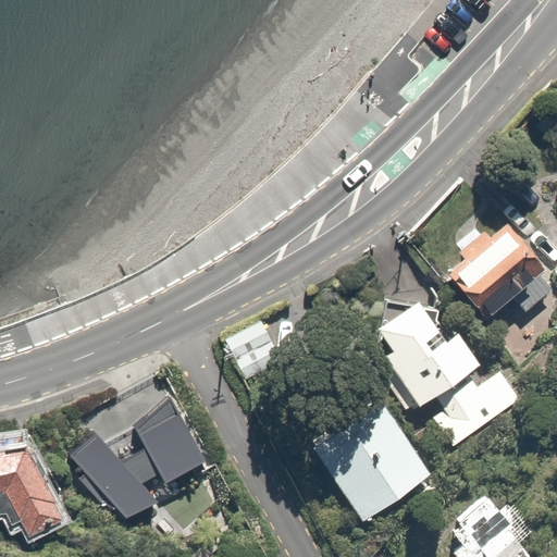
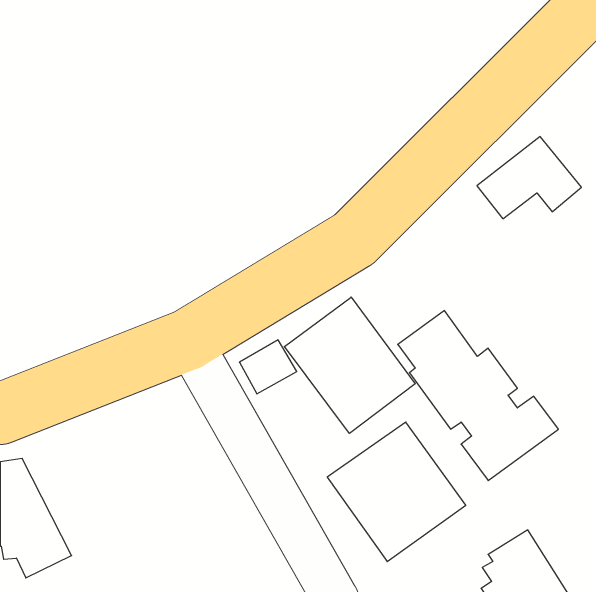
building: [449,225,546,301] -> [477,137,581,219]
building: none -> [284,297,415,433]
building: [70,403,201,521] -> none

